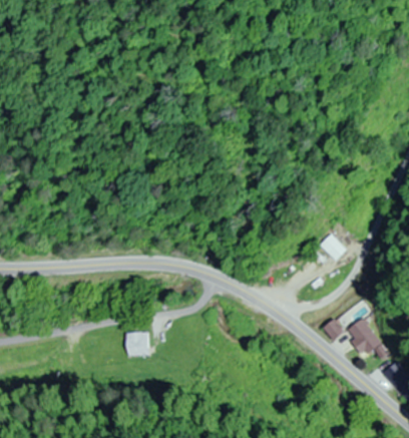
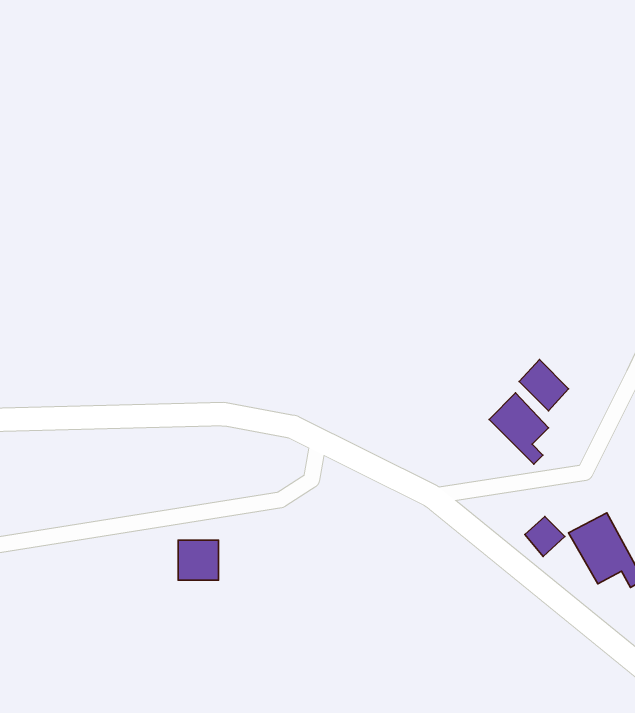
building: none -> [489,393,549,464]

